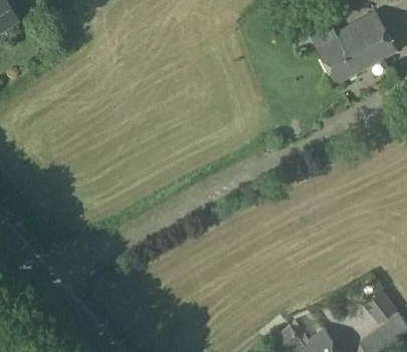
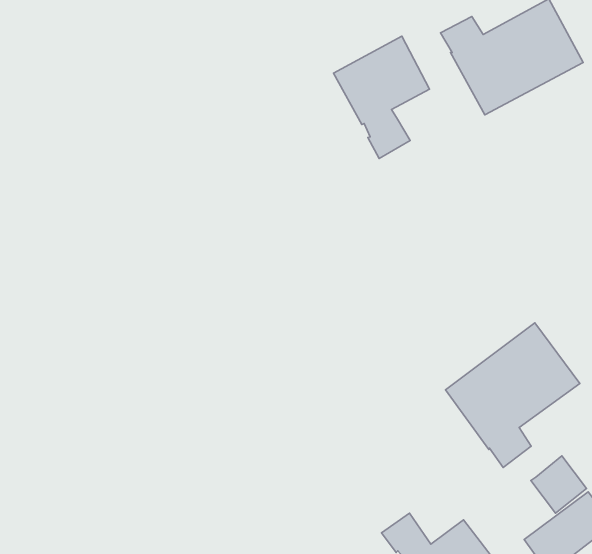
building: none -> [333,36,430,158]
building: none -> [445,323,580,467]

